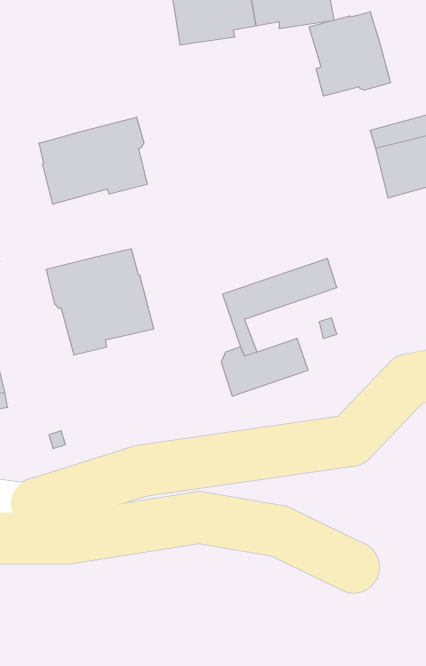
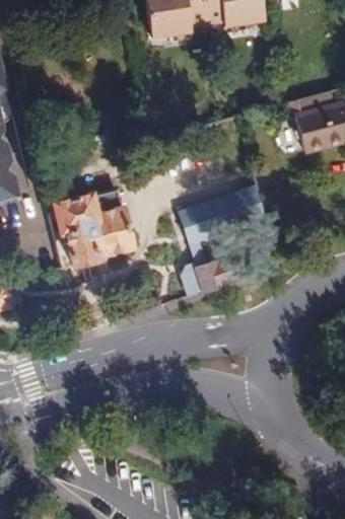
building: [309,12,390,96] -> none
building: [39,117,147,204] -> none

